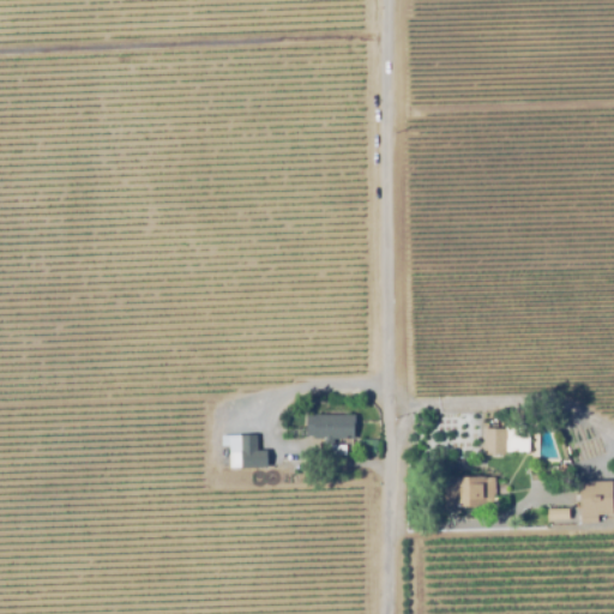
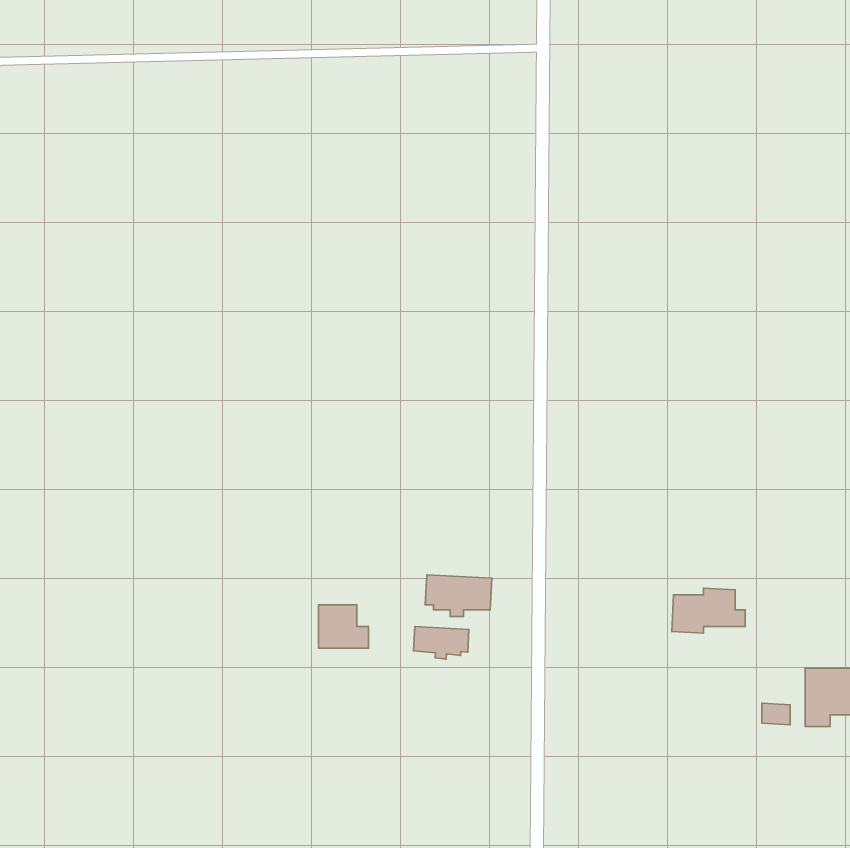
building: none -> [414,627,469,659]
building: [441,477,496,507] -> none

